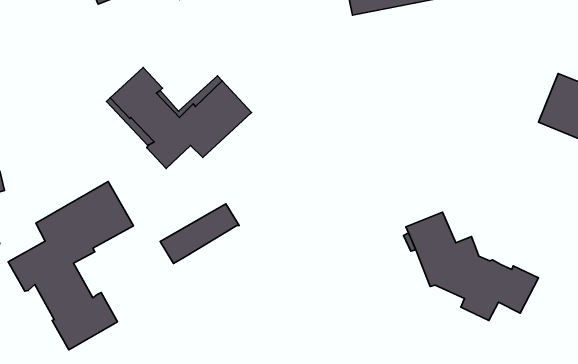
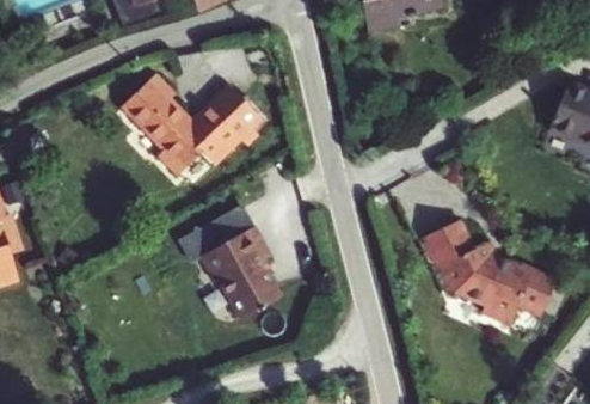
building: [8,181,134,350] -> none
building: none -> [202,231,282,324]

